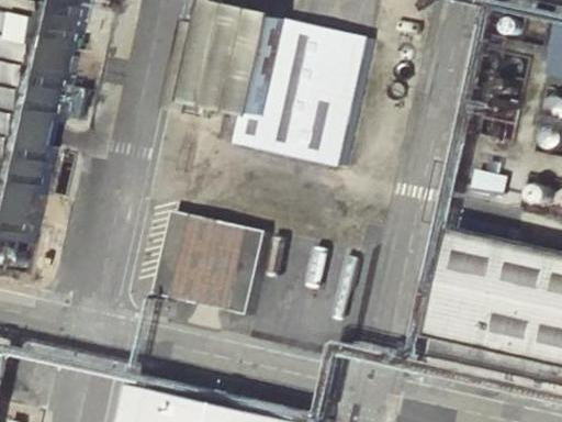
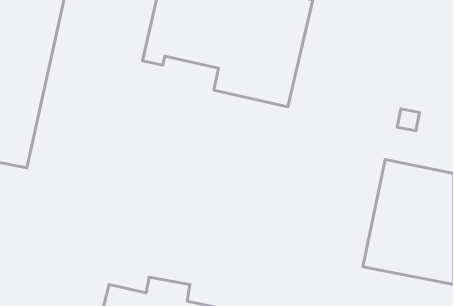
building: [156,216,265,319] -> none

